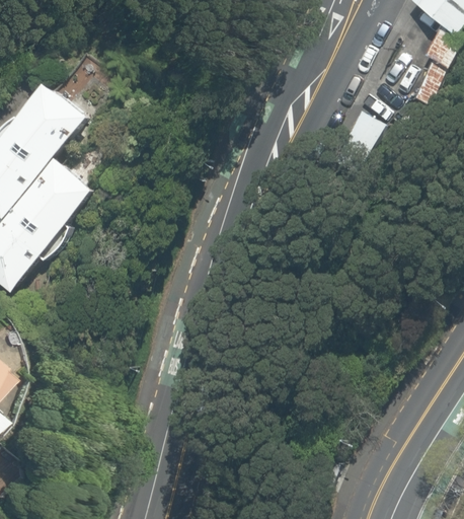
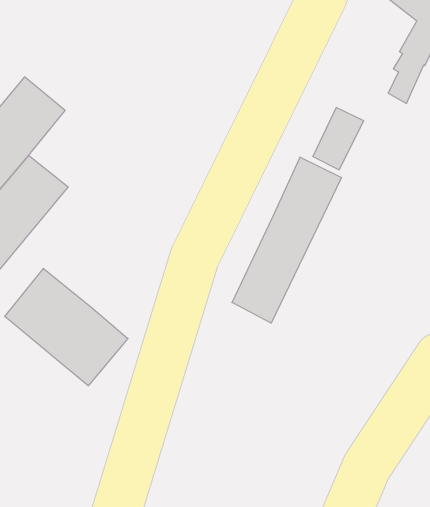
building: none -> [232,157,341,323]
building: none -> [5,268,128,386]

